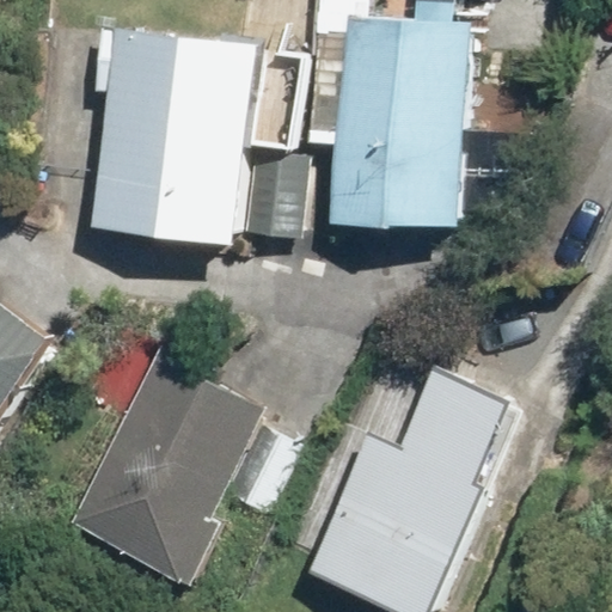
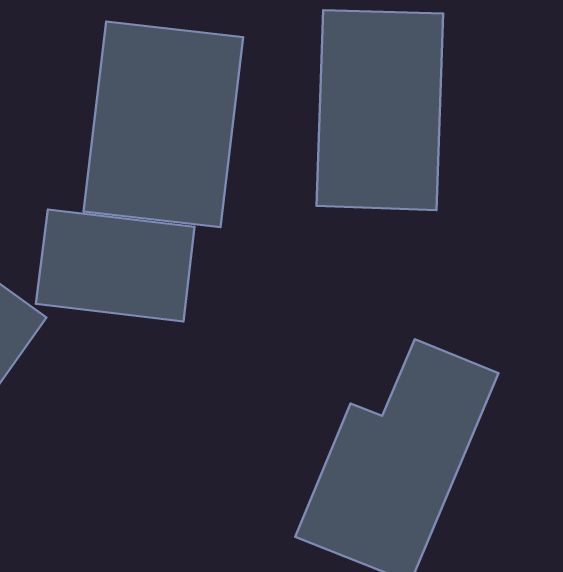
building: none -> [36,210,195,322]
building: [66,347,275,583] -> none

